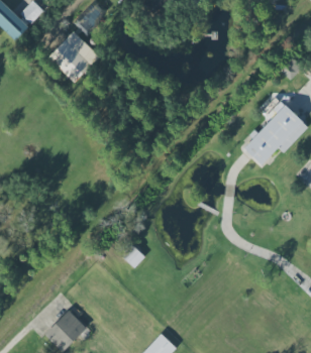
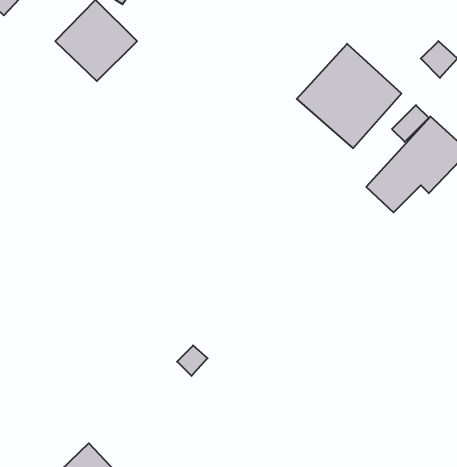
building: none -> [297,44,401,148]

